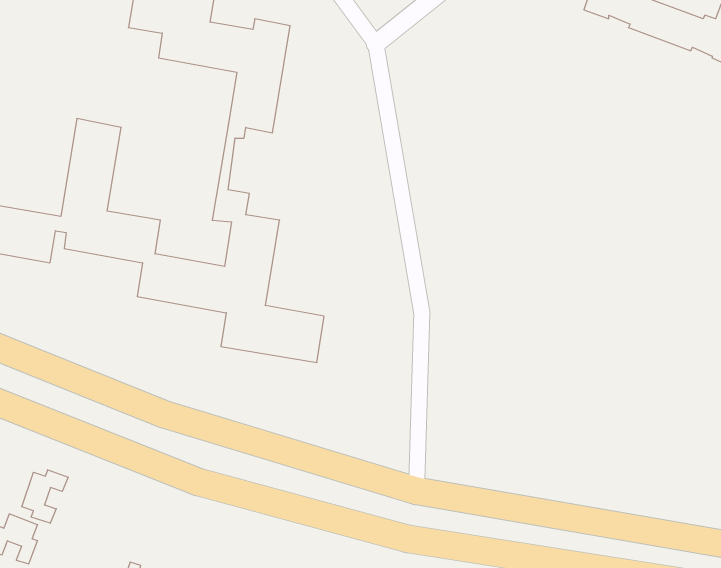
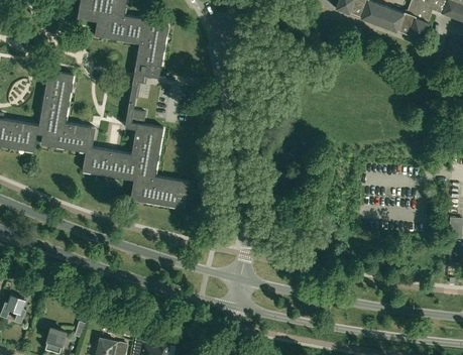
building: [22,470,68,523] -> none

